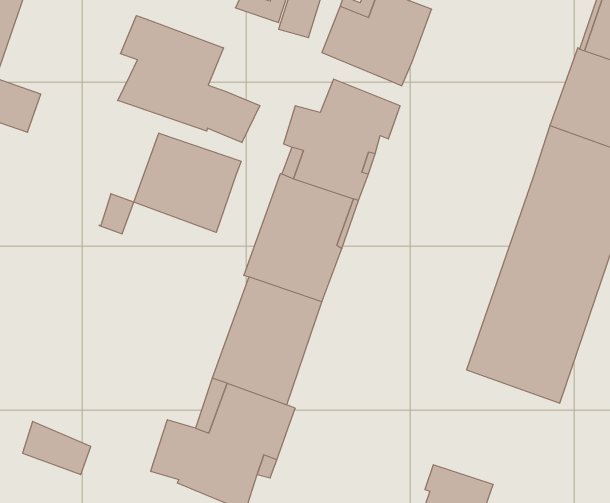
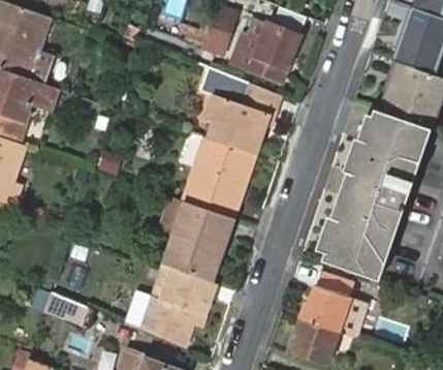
building: [118,16,260,143] -> none
building: [134,133,241,232] -> none
building: none -> [300,271,368,337]

